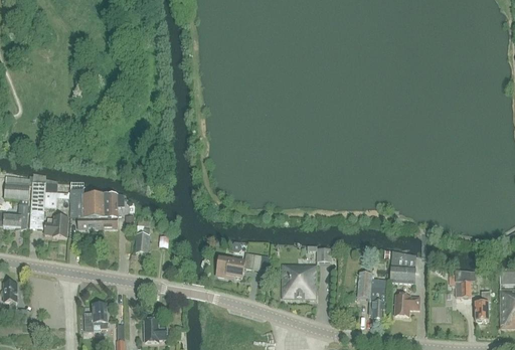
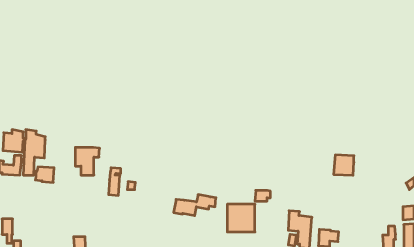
building: [69,177,101,228] -> none
building: [389,257,414,283] -> [334,155,354,175]
building: [455,270,473,296] -> none

